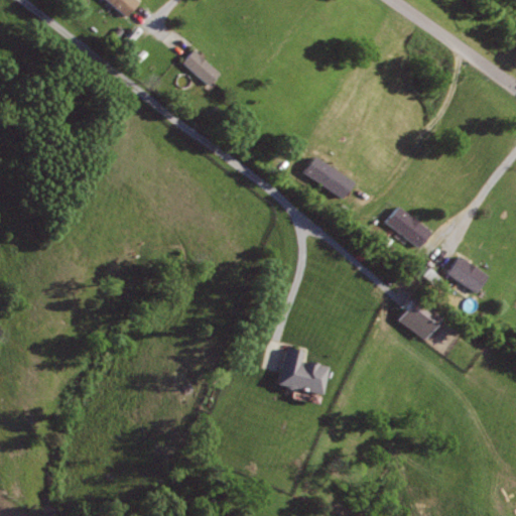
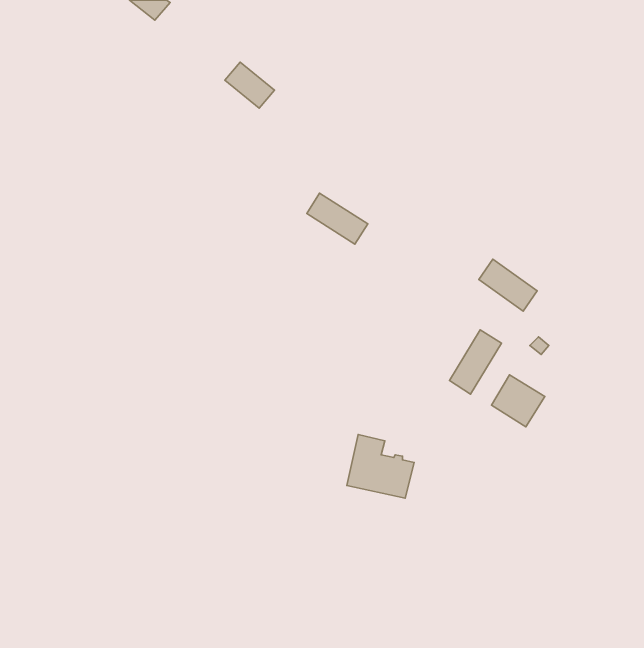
building: [303,157,352,198] -> [307,193,368,244]
building: [449,255,491,292] -> none
building: none -> [449,330,501,394]

